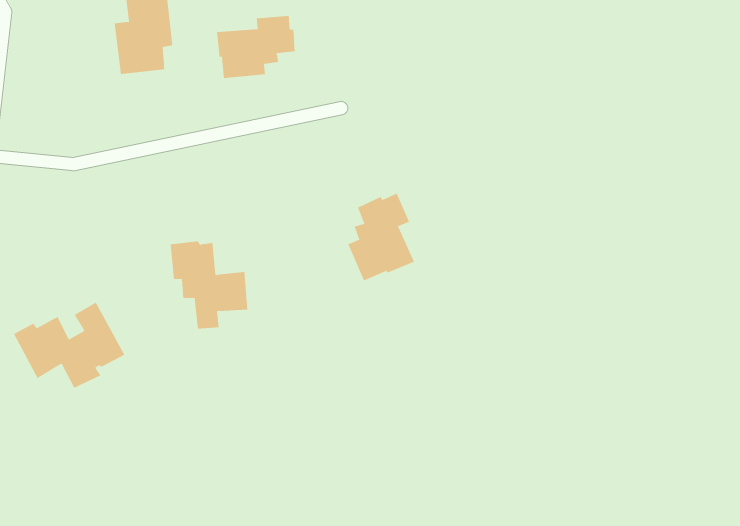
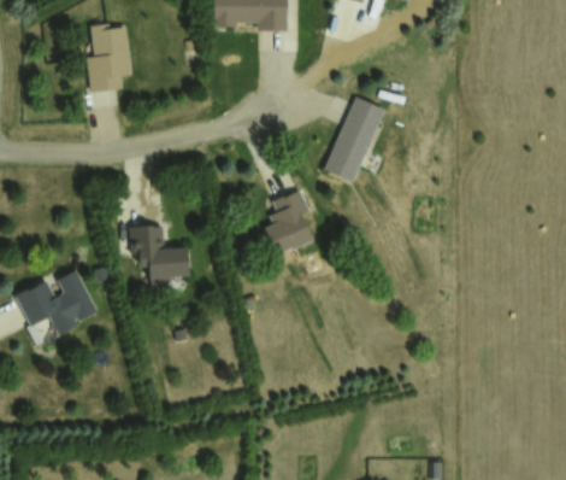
building: [217,15,295,79] -> none
building: none -> [323,95,385,182]

